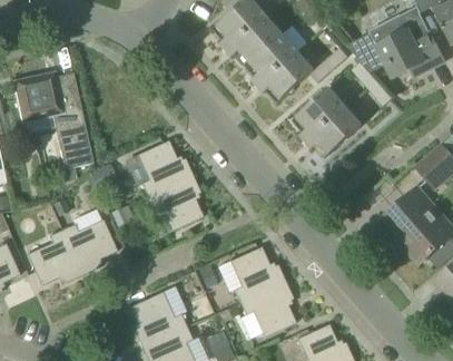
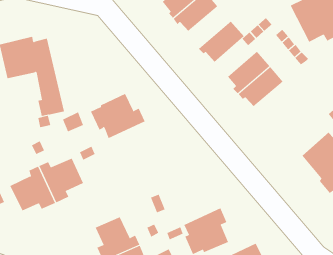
building: [245,33,297,86] -> none
building: [147,175,203,231] -> none
building: [229,246,285,302] -> none

